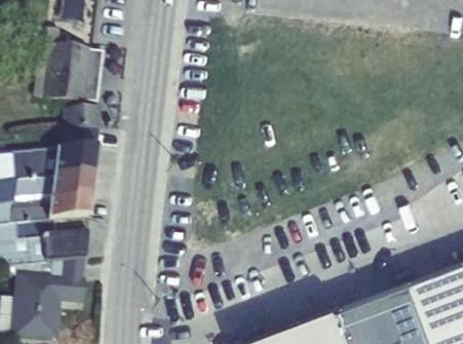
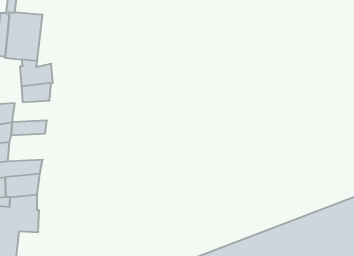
building: [53,150,98,176] -> none
building: [48,189,92,222] -> none

